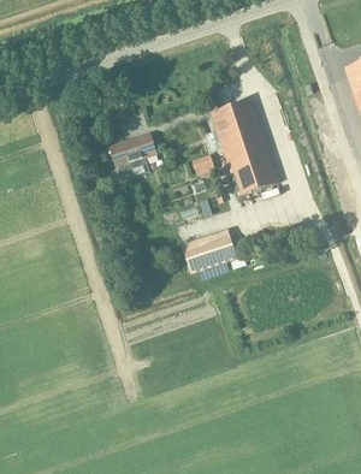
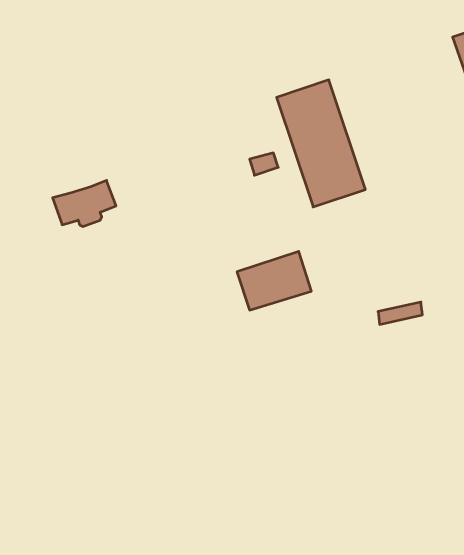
building: [108,132,156,167] -> [53,180,116,226]

